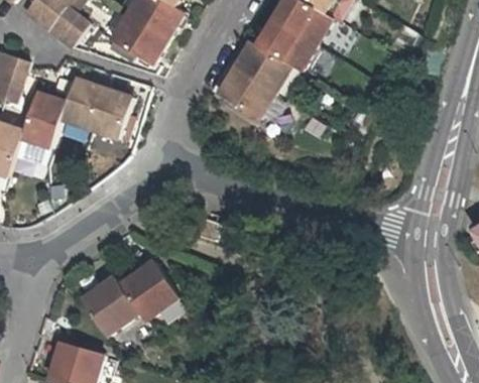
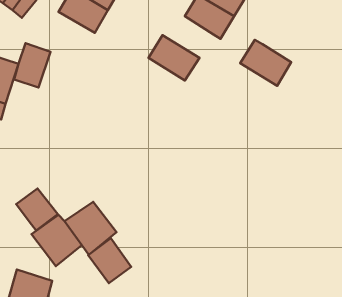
building: [232,40,291,94] -> [240,40,291,86]
building: [88,87,132,138] -> none
building: none -> [16,189,58,231]
building: none -> [88,238,131,283]

